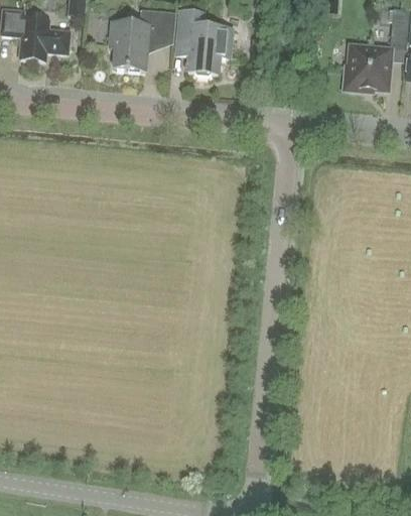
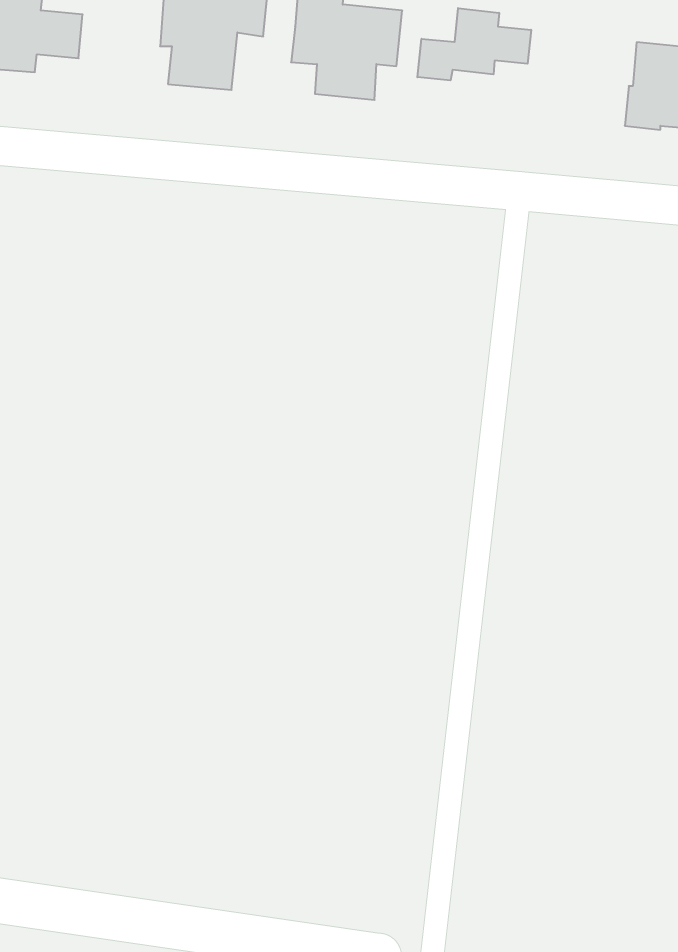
building: none -> [417,8,531,80]

